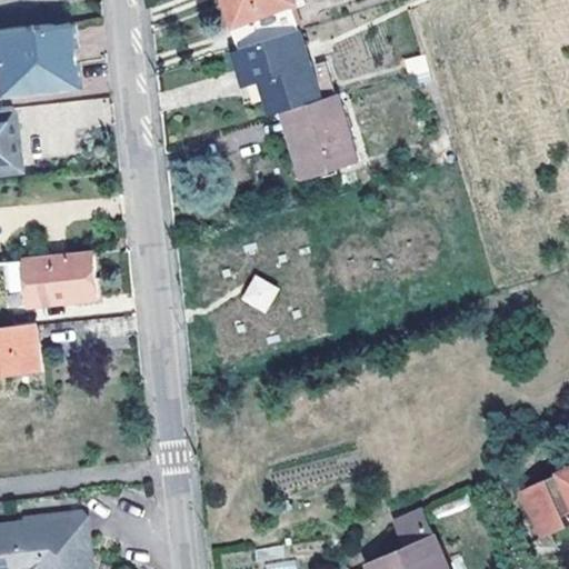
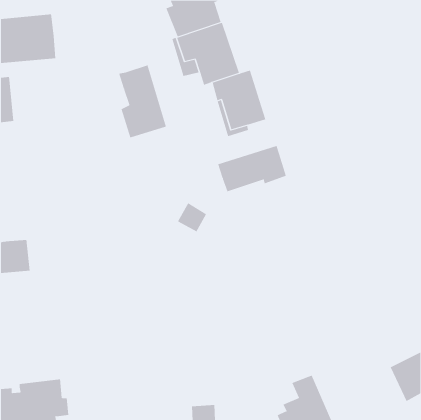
building: none -> [118,64,167,139]
building: none -> [218,145,286,192]
building: [6,251,98,305] -> none

